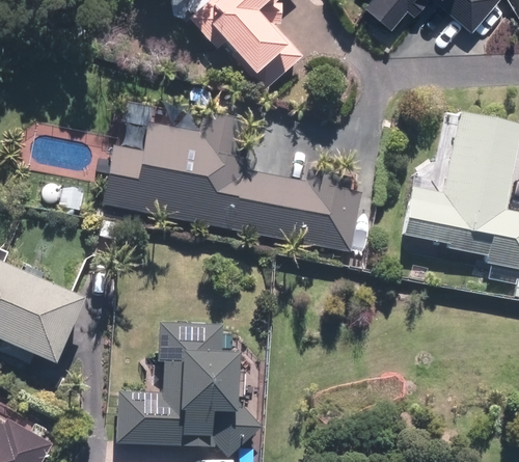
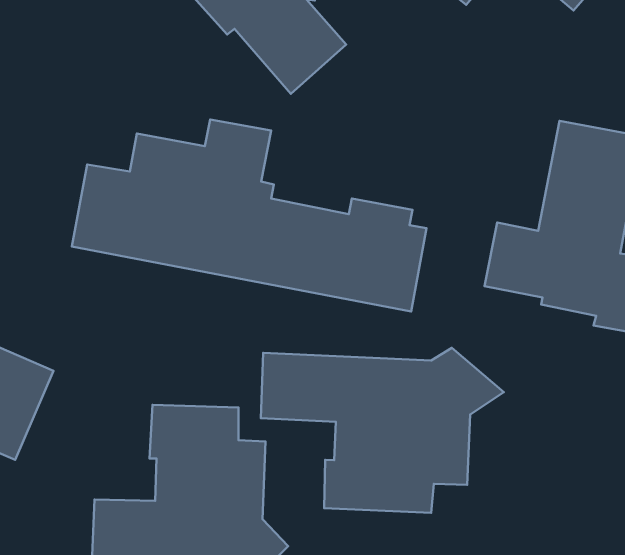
building: none -> [261,348,504,513]

